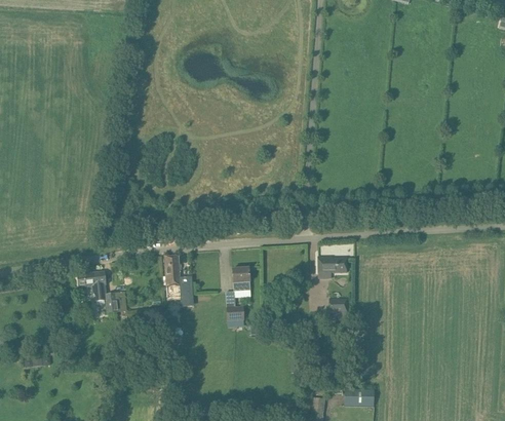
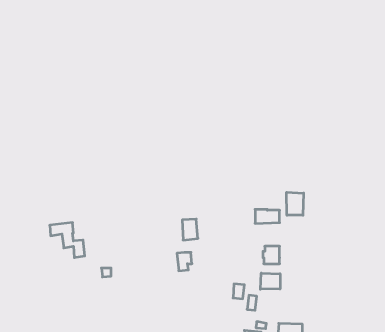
building: none -> [287,192,304,215]
building: [165,255,191,302] -> none
building: none -> [260,273,280,289]

